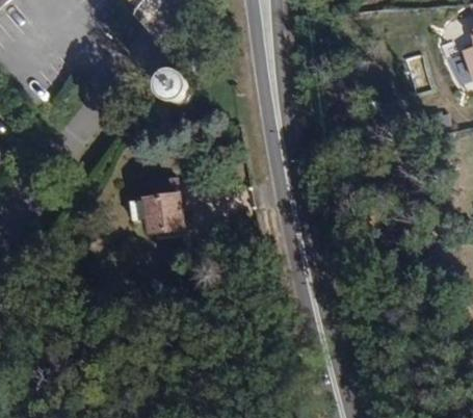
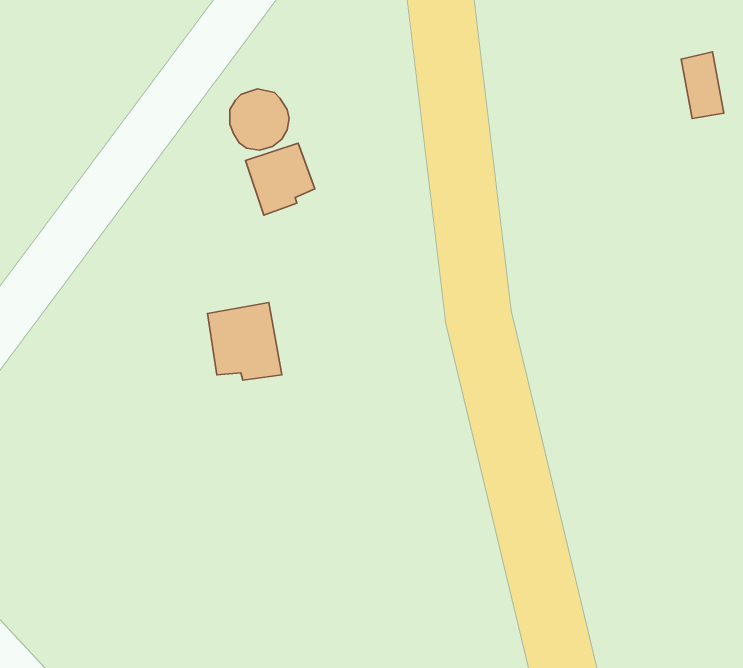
building: none -> [246,143,315,215]

